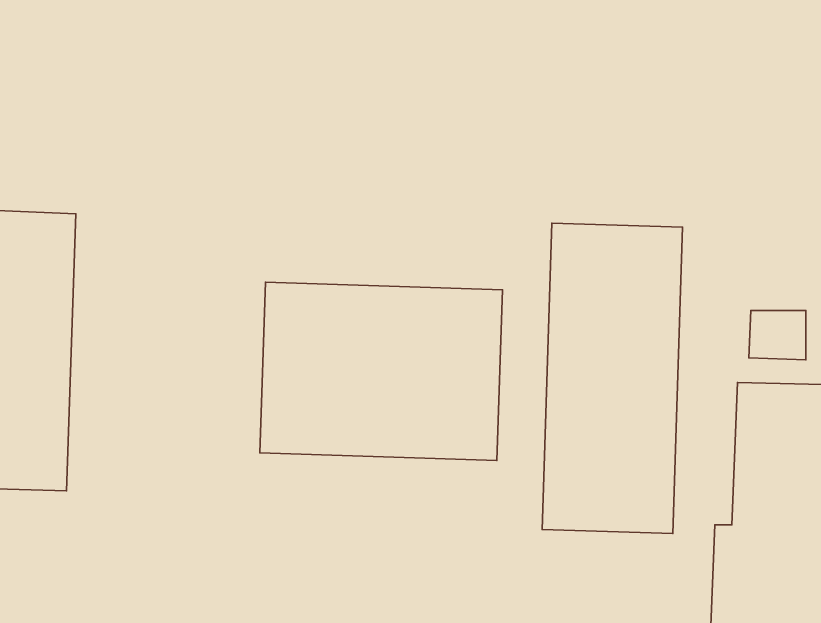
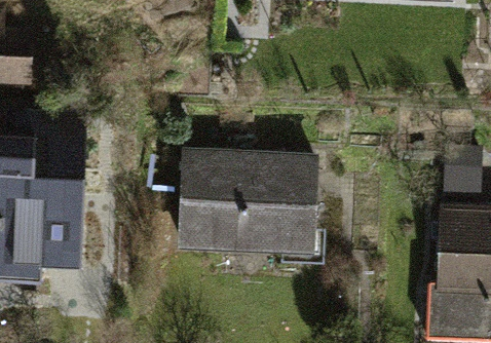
building: [542,223,683,533] -> none

